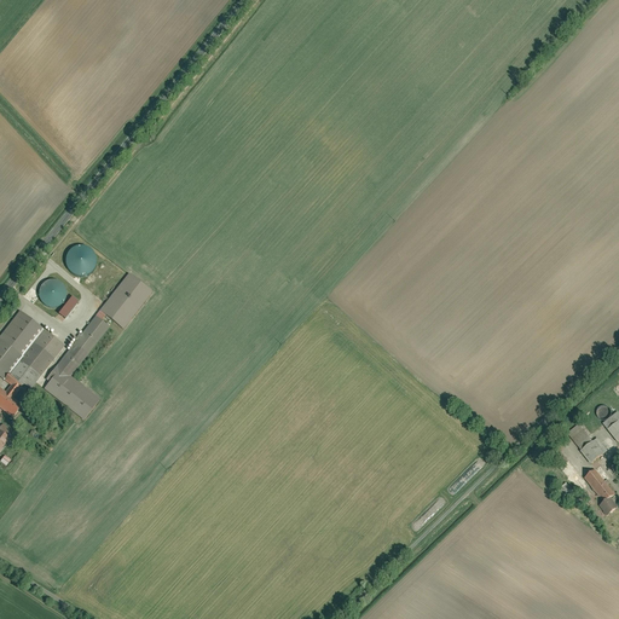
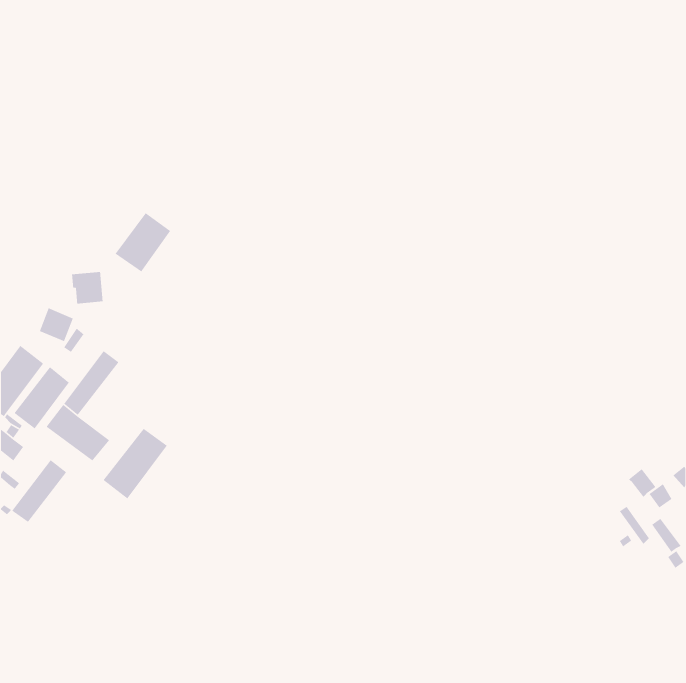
building: [100,273,151,328] -> [115,212,171,273]
building: none -> [103,428,168,500]
building: none -> [11,459,67,523]

